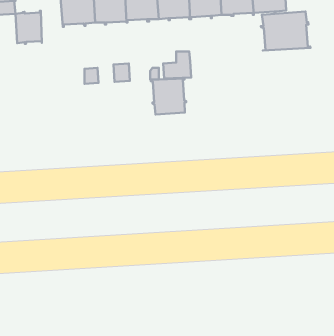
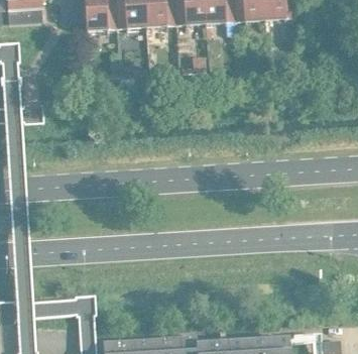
building: [15,11,42,44] -> none
building: [261,11,310,51] -> none
building: [151,79,186,115] -> none

